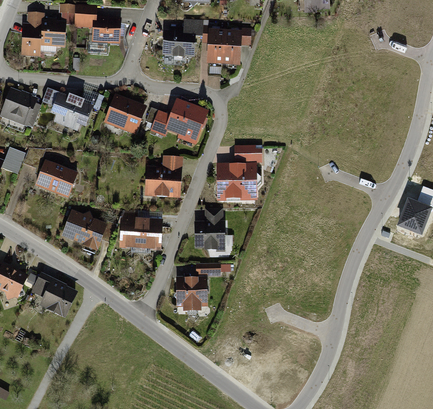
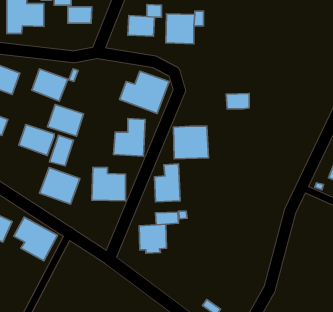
building: [104,97,146,134] -> [47,104,83,136]
building: [234,145,261,163] -> [226,93,249,109]
building: none -> [50,135,74,166]

